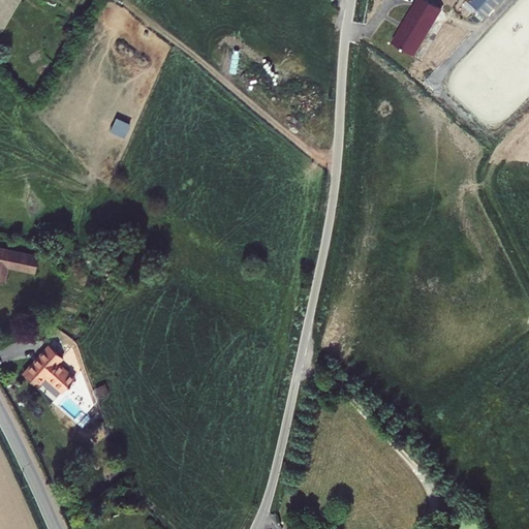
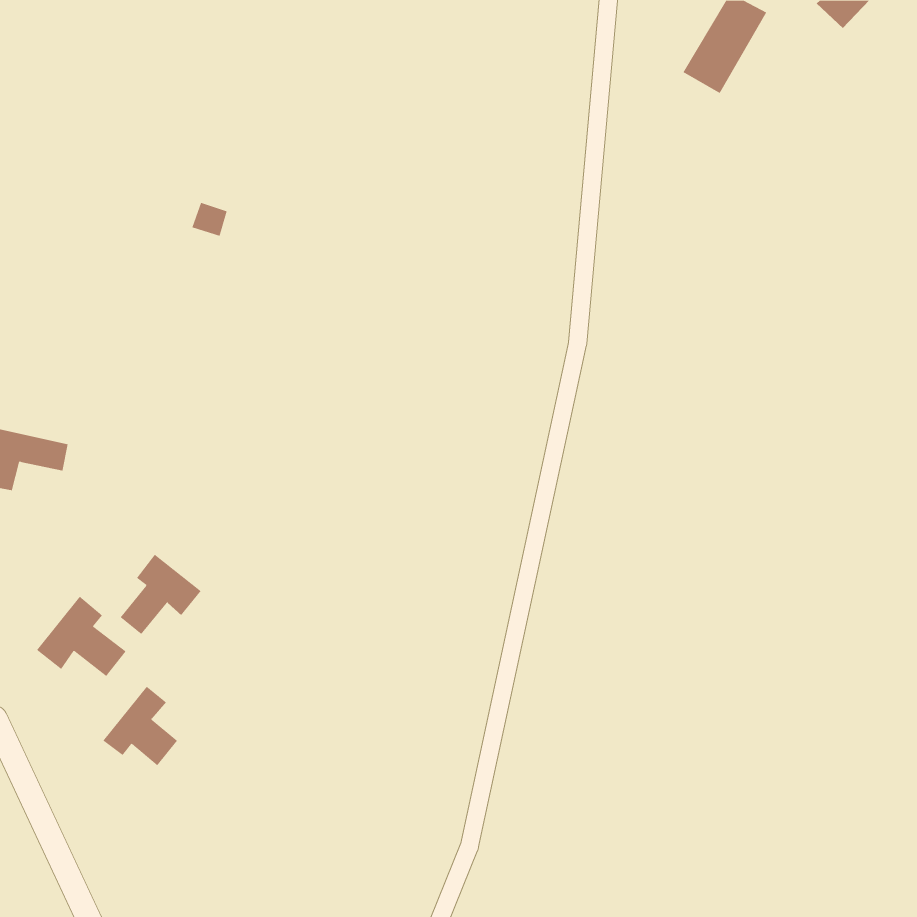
building: none -> [120,554,201,635]
building: none -> [102,686,178,766]

